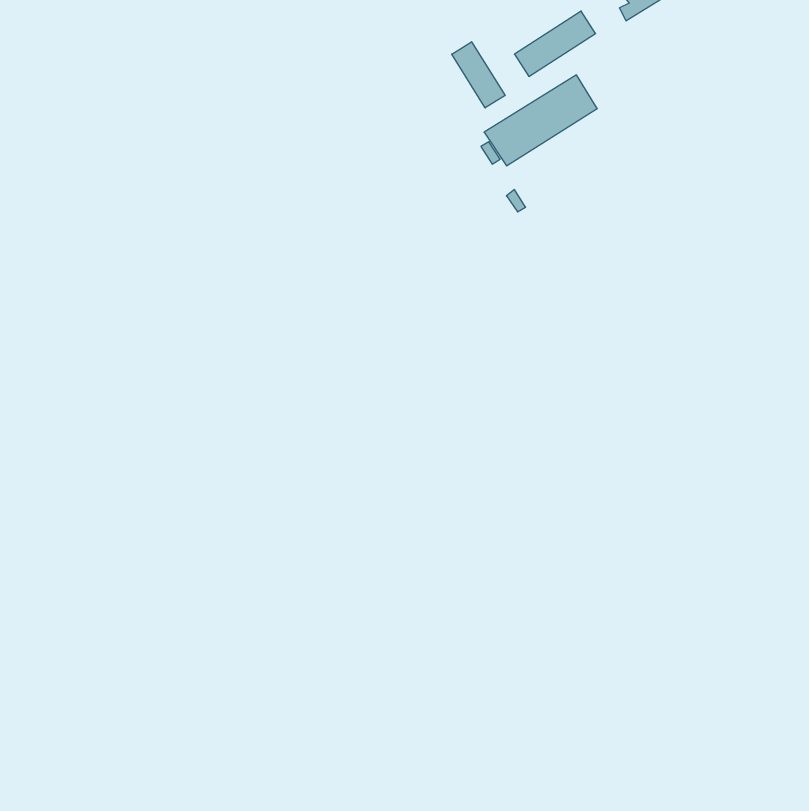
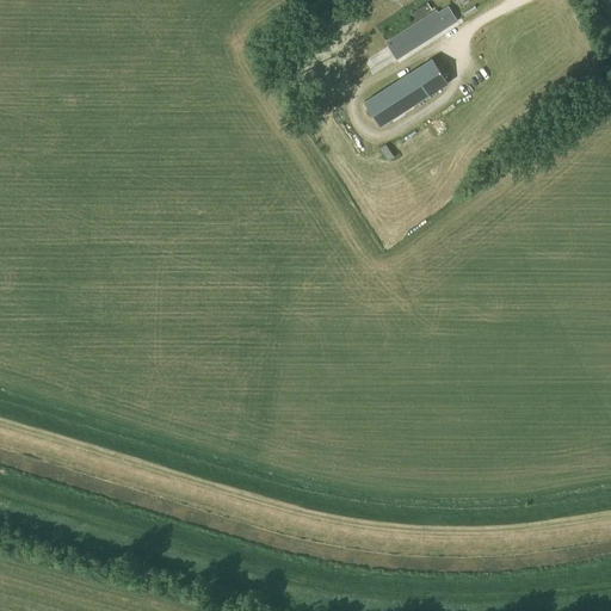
building: [452,42,505,108] -> none

